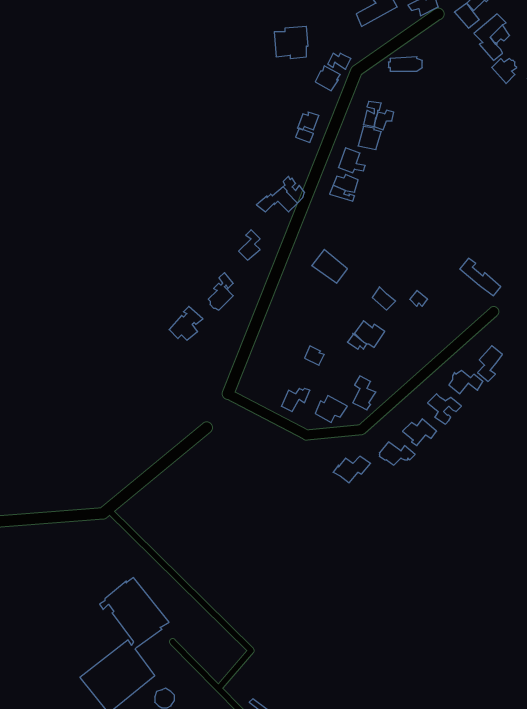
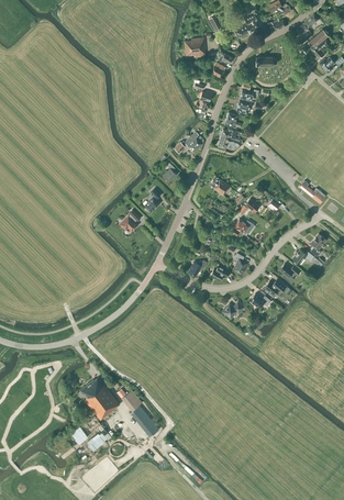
building: none -> [116,389,158,436]

